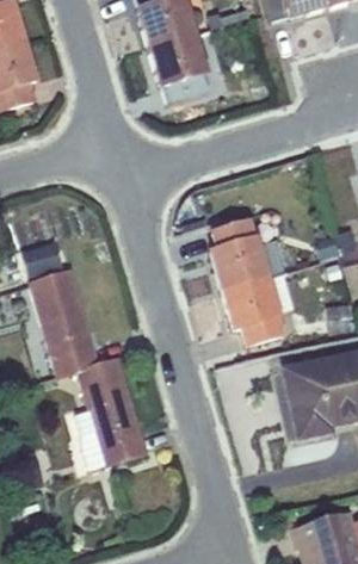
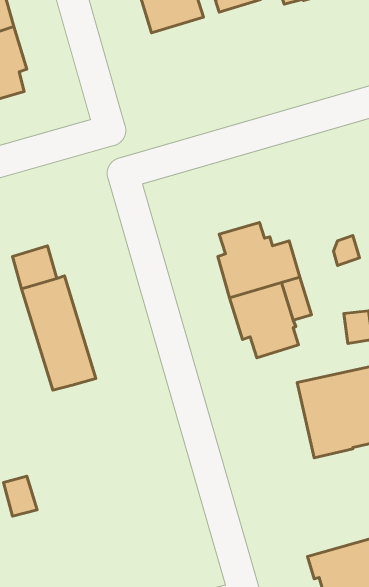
building: [149,32,210,103] -> none
building: [75,357,146,469] -> none

